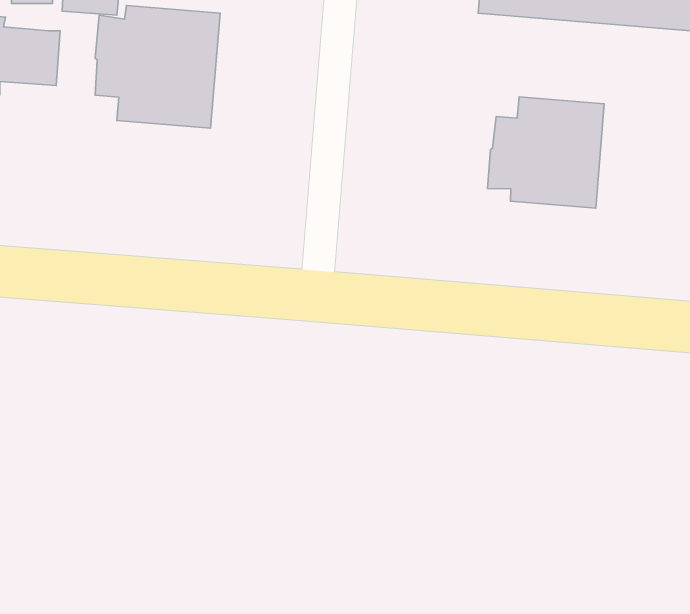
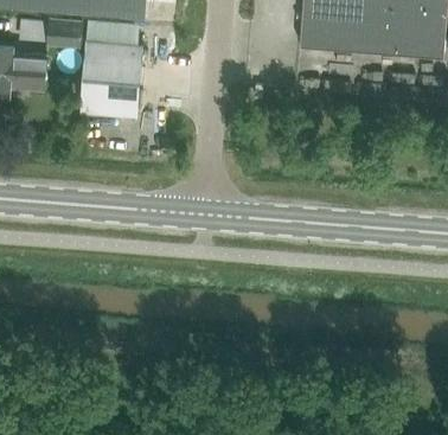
building: [488,97,604,208] -> none

